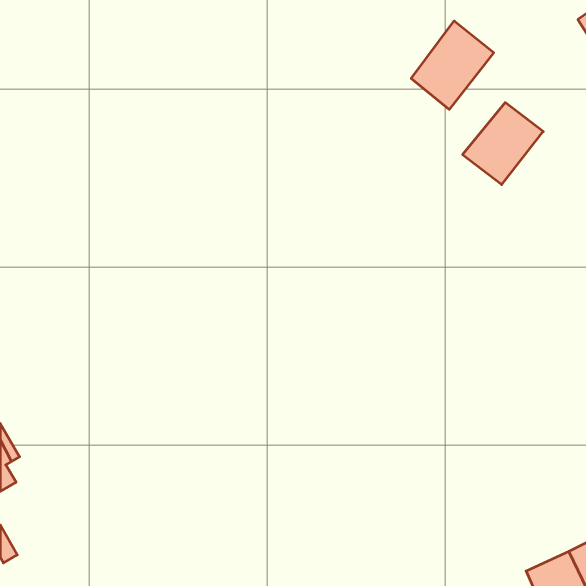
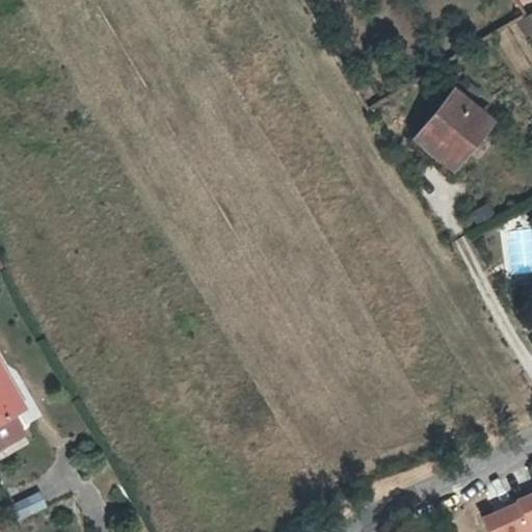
building: [411,21,494,109] -> none

